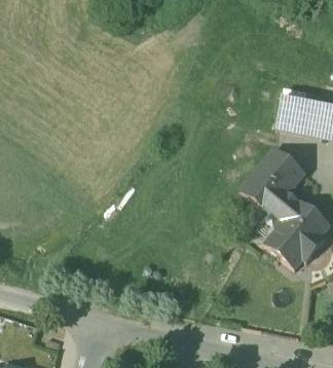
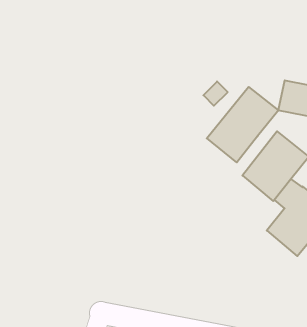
building: none -> [207,87,278,162]

